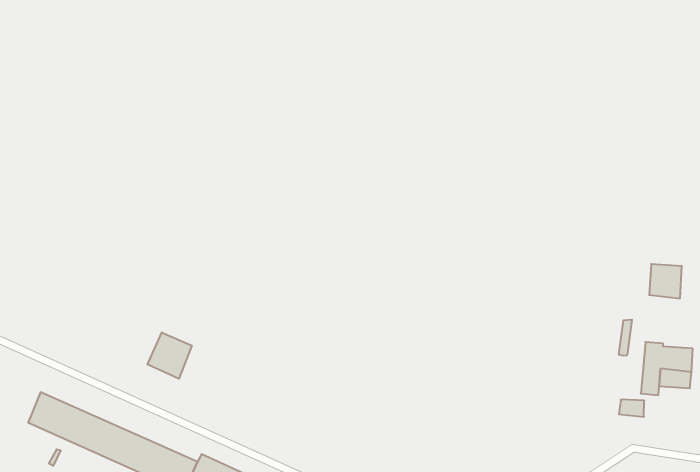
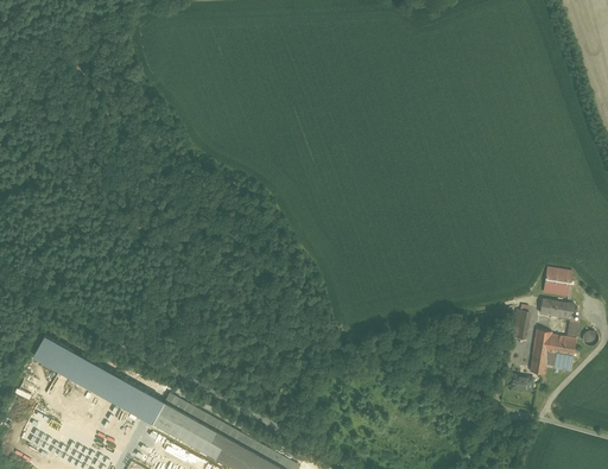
building: none -> [539,300,577,340]
building: [148,332,192,379] -> none

